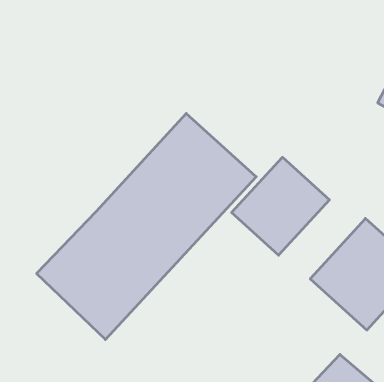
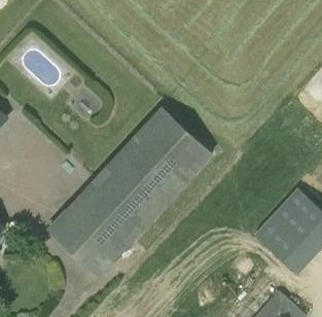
building: [232,157,329,255] -> none

